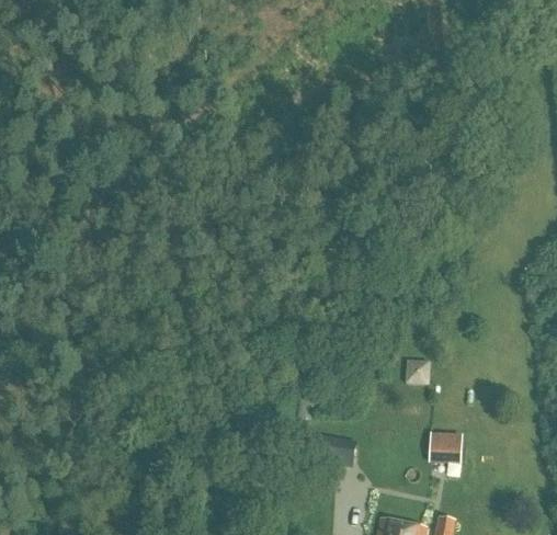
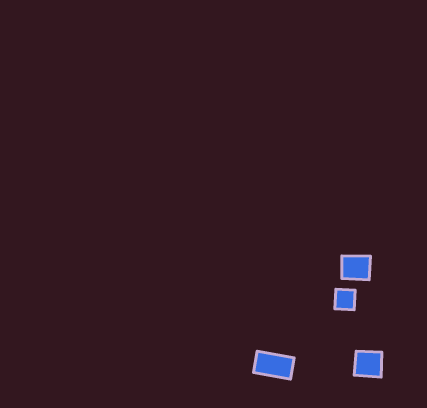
building: none -> [342,256,370,280]

